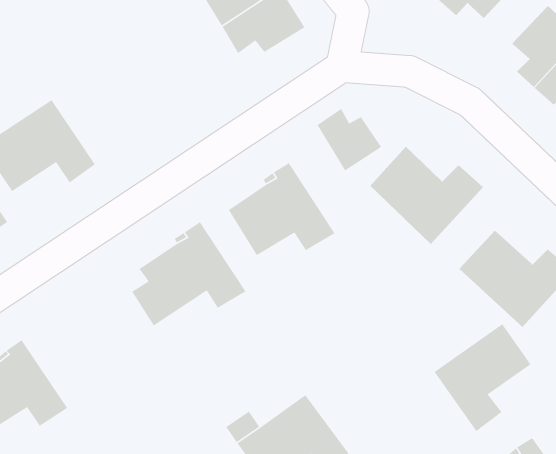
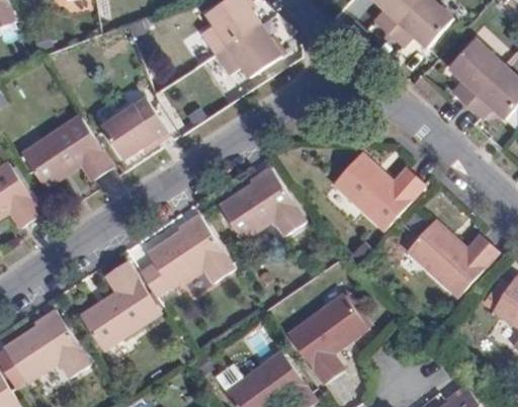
building: none -> [100,97,164,160]
building: [316,108,382,172] -> none
building: none -> [79,259,161,350]
building: [433,323,531,432] -> [288,295,367,383]

